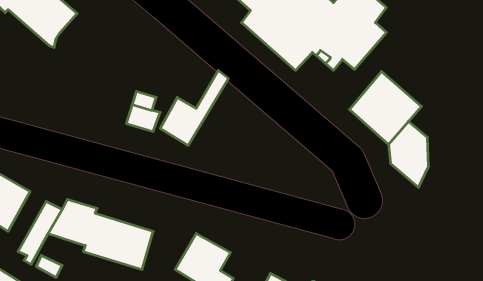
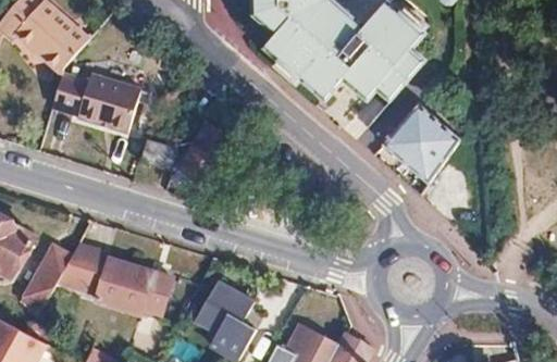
building: none -> [52,76,140,136]

